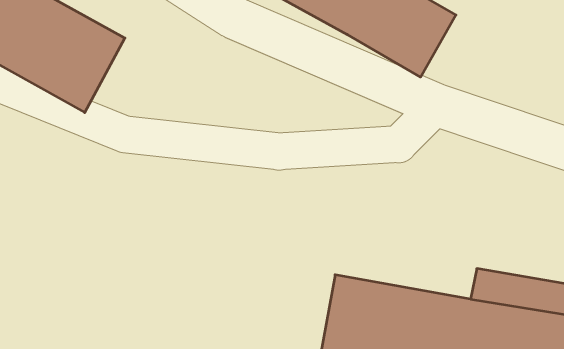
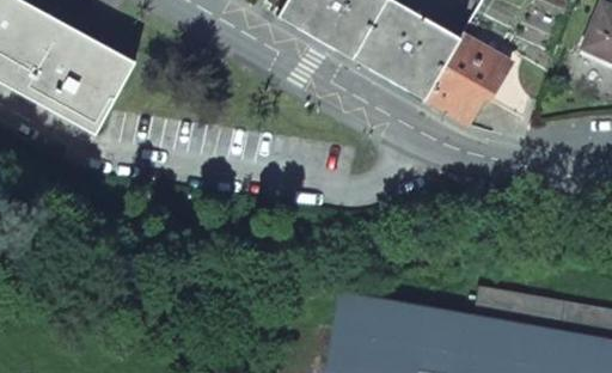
building: none -> [424,33,510,122]

